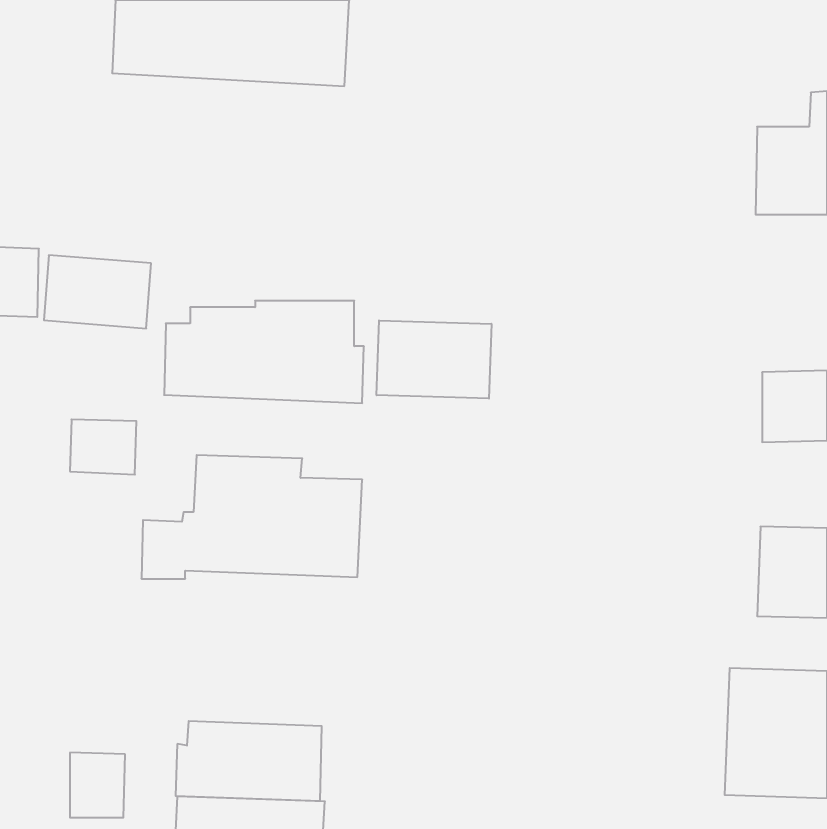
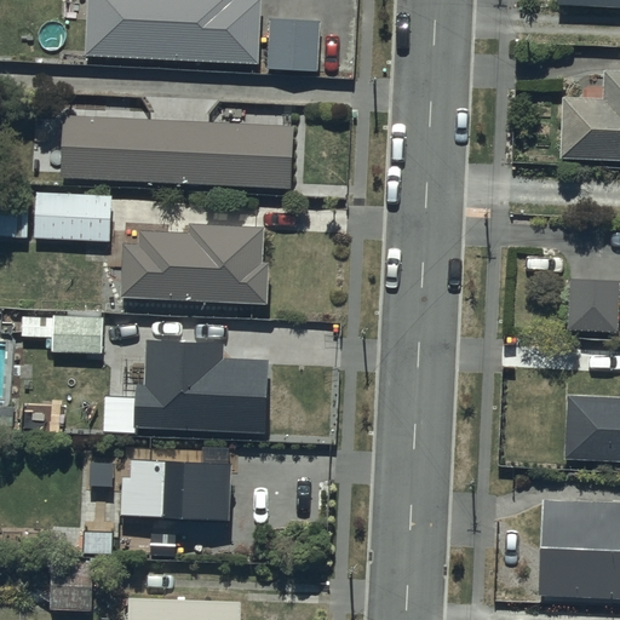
building: none -> [265,18,322,71]
building: none -> [62,115,294,185]
building: [377,320,491,399] -> none
building: [176,721,322,801] -> [119,461,228,521]

